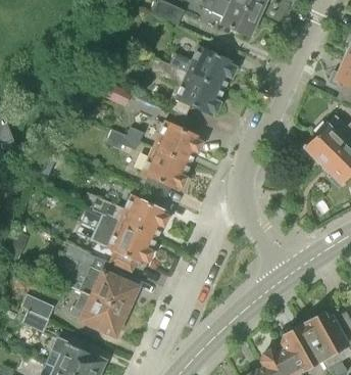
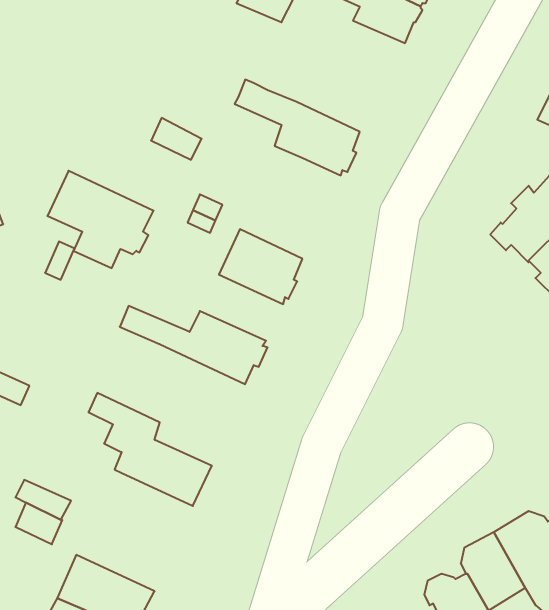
building: [169,40,237,90] -> none
building: [153,122,203,165] -> none
building: [94,215,156,272] -> [47,171,154,268]
building: [69,290,126,335] -> none

